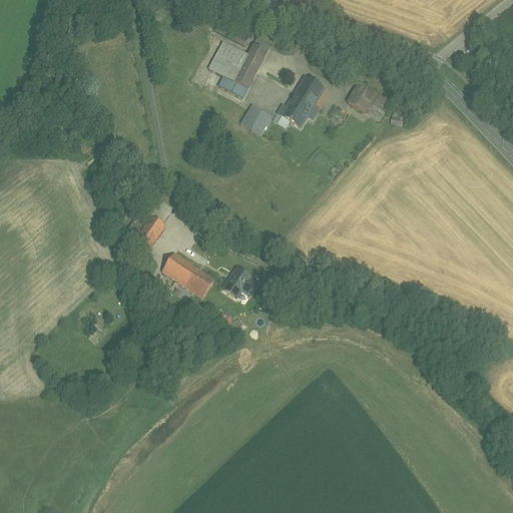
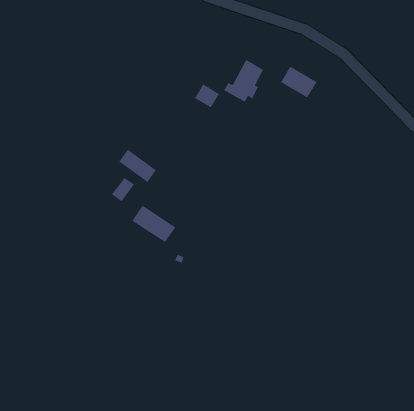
building: [206,34,271,96] -> none
building: none -> [119,149,157,183]
building: [221,267,261,300] -> none

